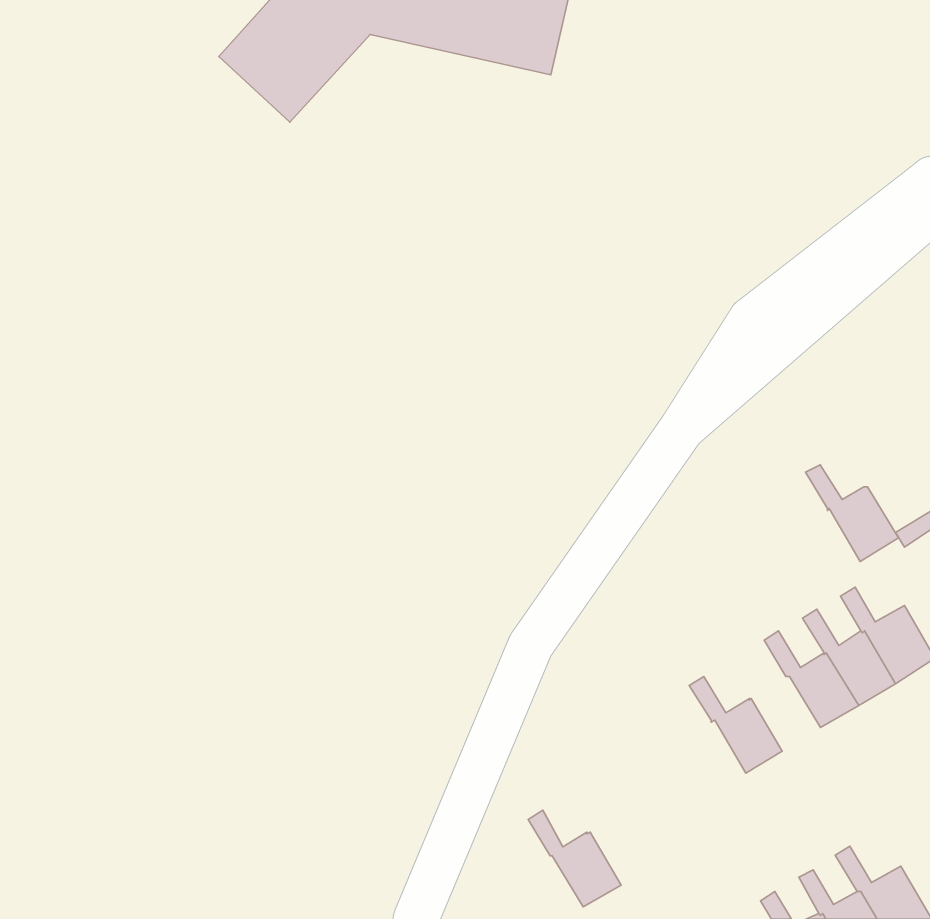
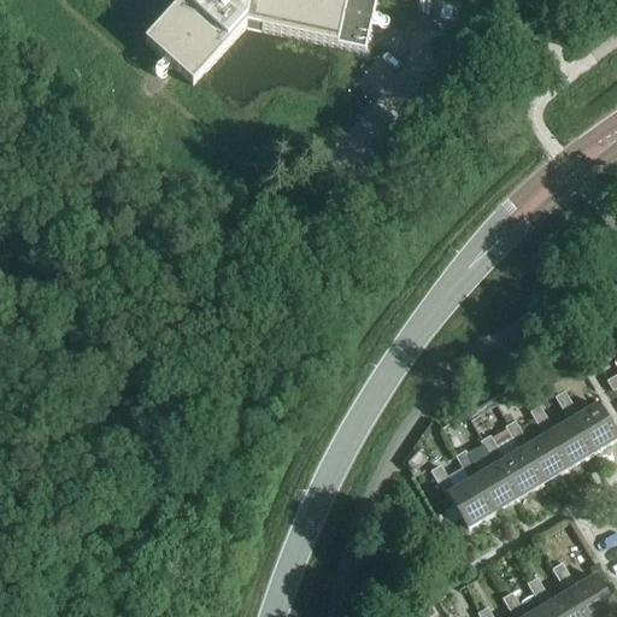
building: [806,465,899,561] -> [482,433,543,496]
building: [528,810,621,907] -> [433,462,494,525]

